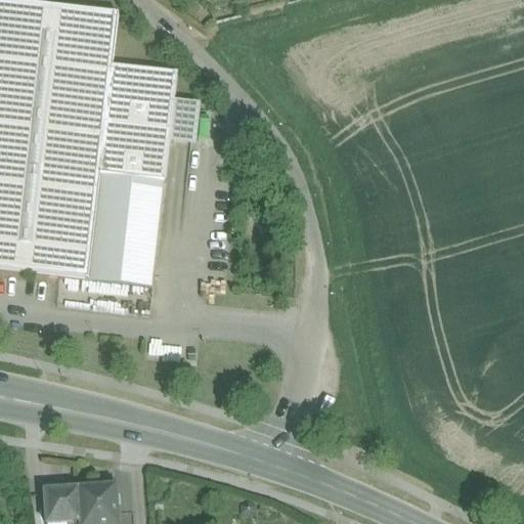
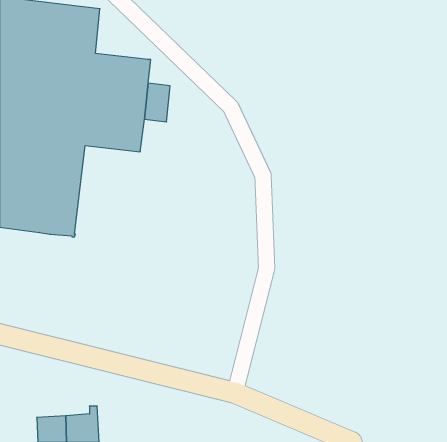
building: [87,170,164,283] -> none

